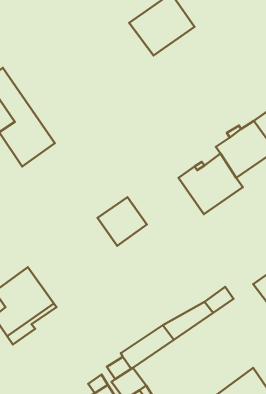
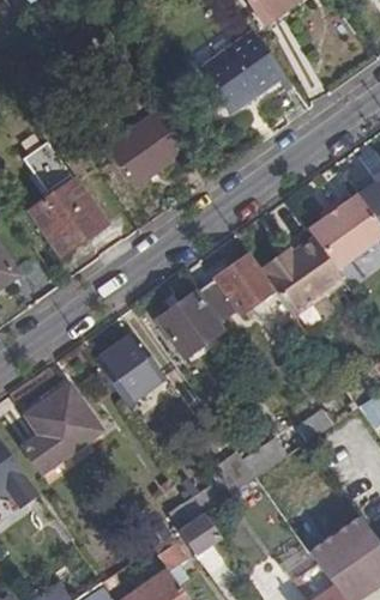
building: none -> [105,108,186,187]
building: none -> [199,255,272,321]
building: none -> [97,337,162,405]

